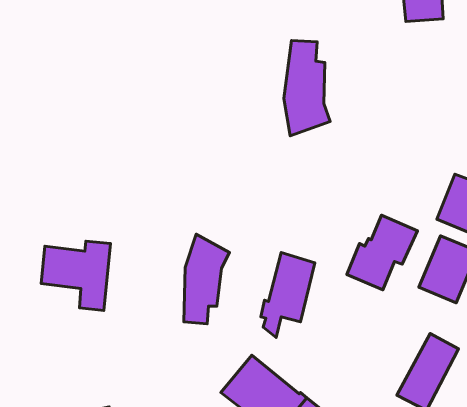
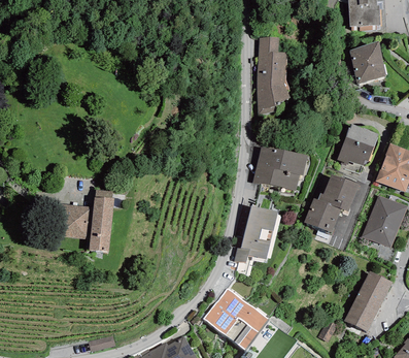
building: none -> [350,36,387,78]
building: none -> [336,128,378,172]
building: none -> [251,147,308,193]
building: [184,234,230,324] -> none

